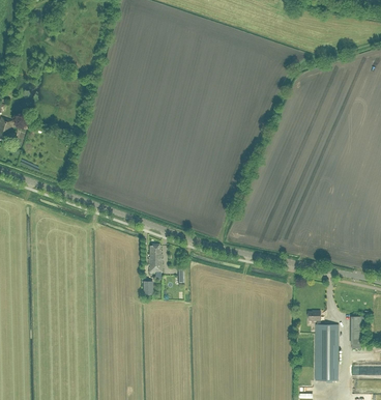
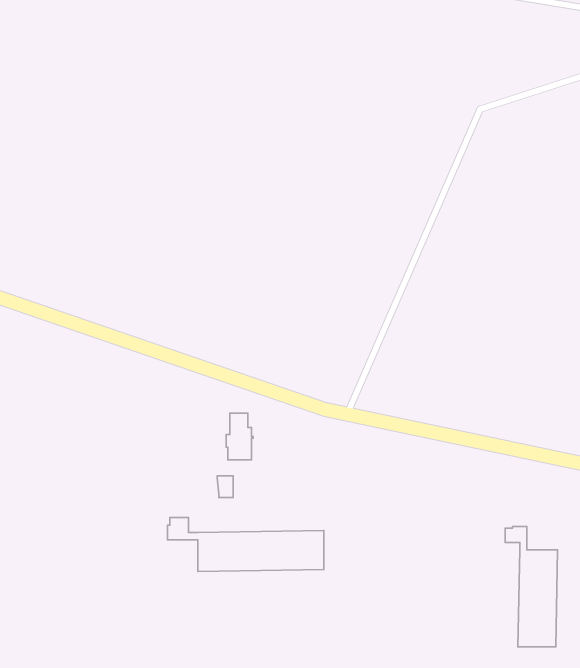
building: none -> [167,518,324,571]

